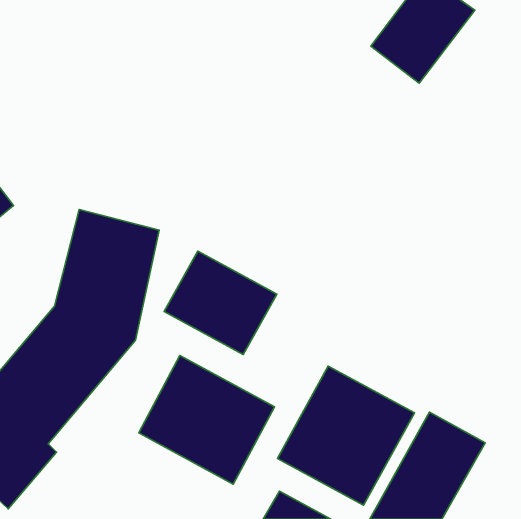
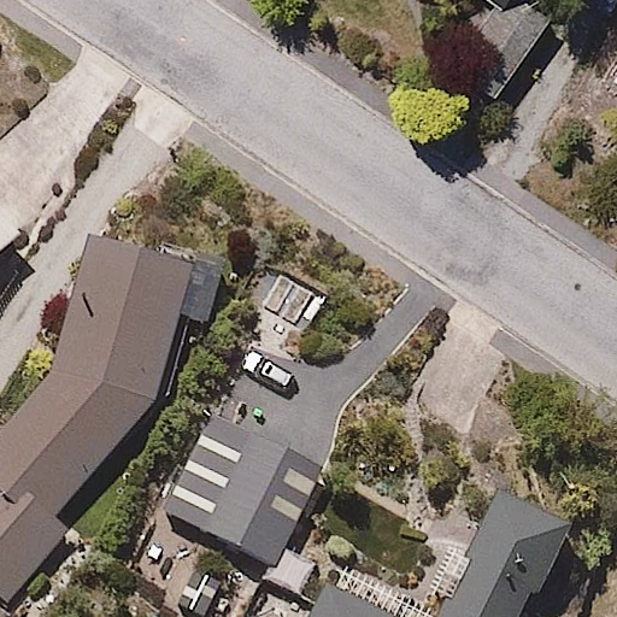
building: [164,251,277,355] -> none
building: [277,366,414,505] -> none

